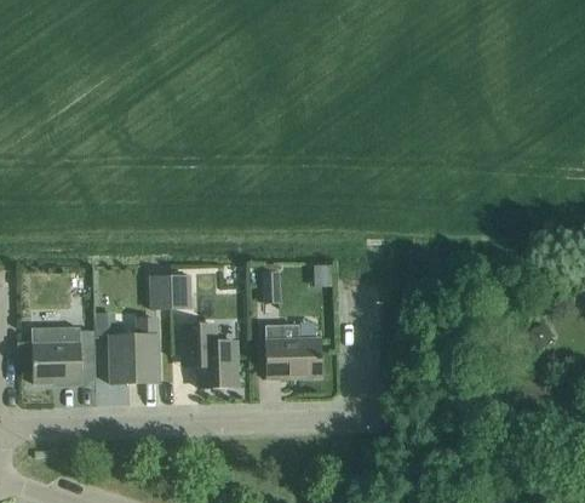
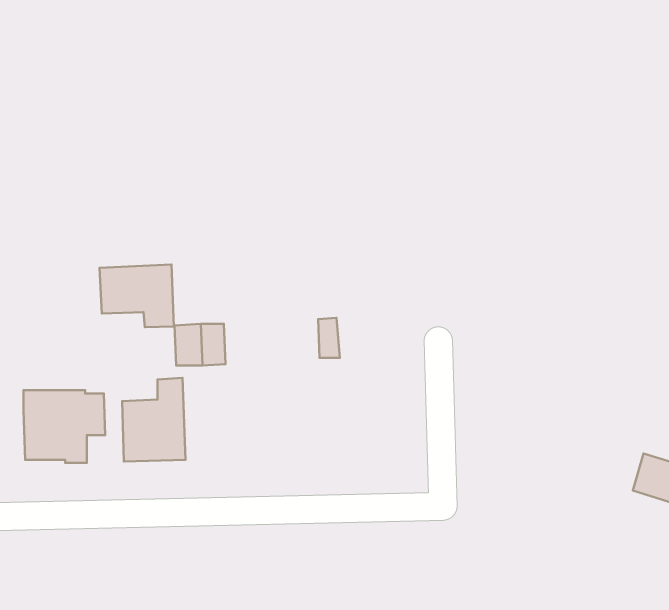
building: none -> [99,265,174,327]
building: [184,324,239,388] -> none
building: [266,324,323,378] -> none

